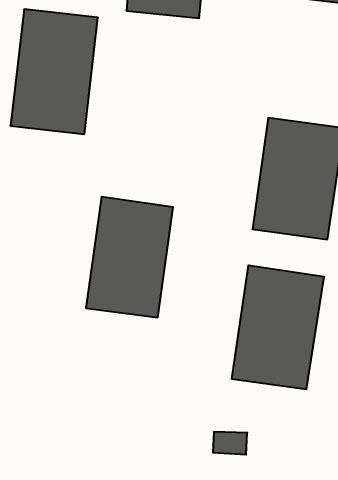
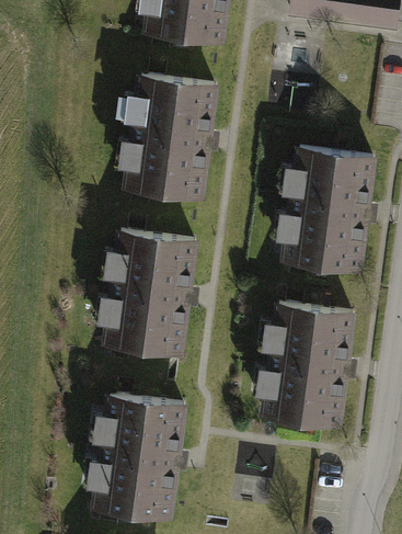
building: [10,9,98,134] -> [120,71,213,203]
building: none -> [91,397,184,523]

